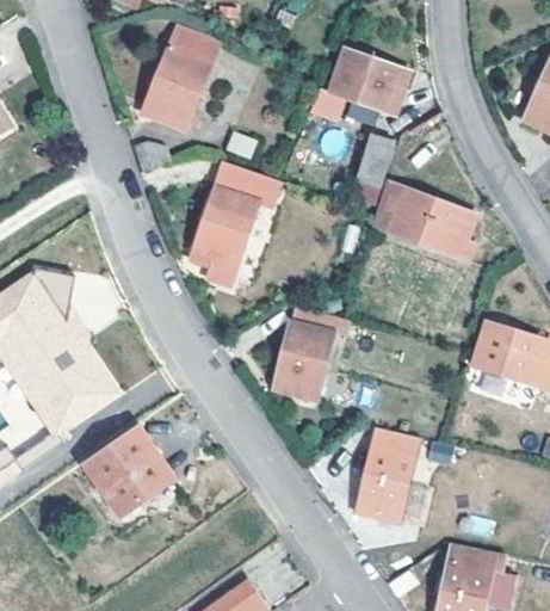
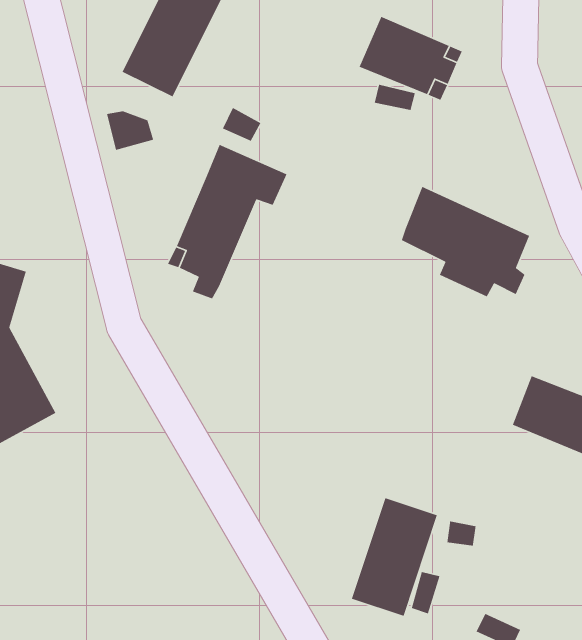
building: [357,134,394,186] -> none
building: [272,306,350,400] -> none
building: [84,425,172,516] -> none

